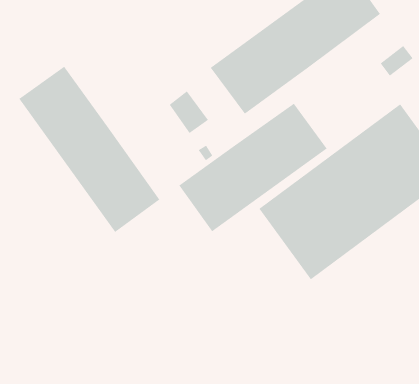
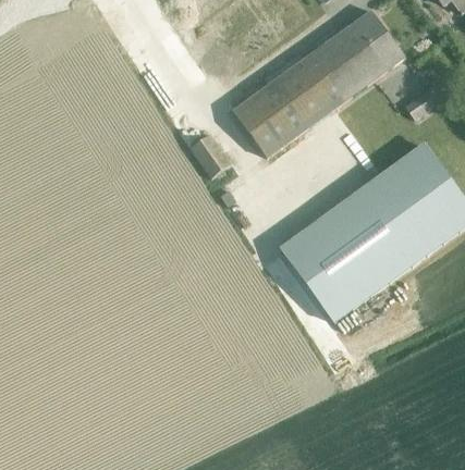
building: [18,66,160,233] -> none
building: [179,103,327,232] -> none

